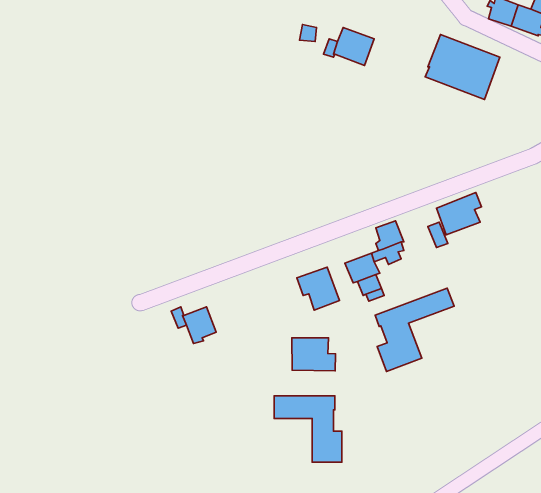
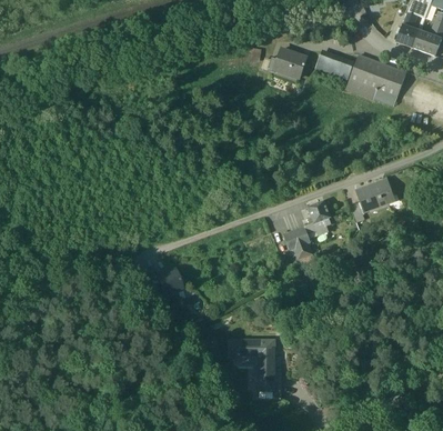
building: none -> [315,51,353,80]
building: [297,267,340,310] -> none
building: [375,288,454,371] -> none
building: [292,338,335,371] -> none

